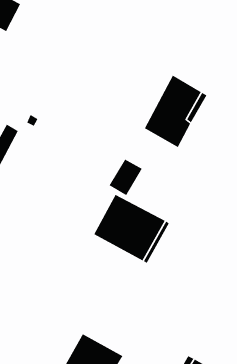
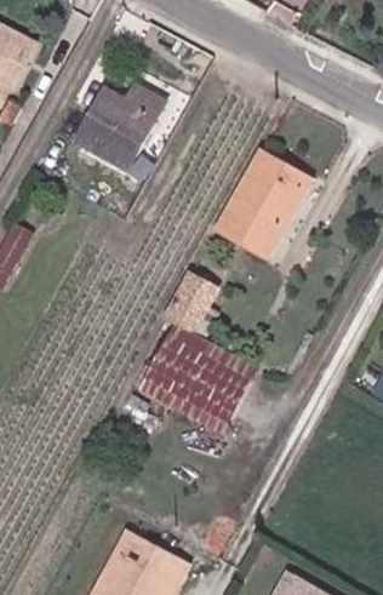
building: none -> [75,84,162,167]

